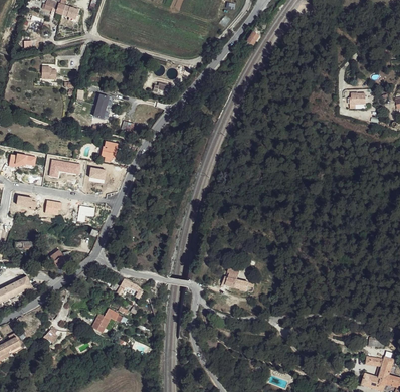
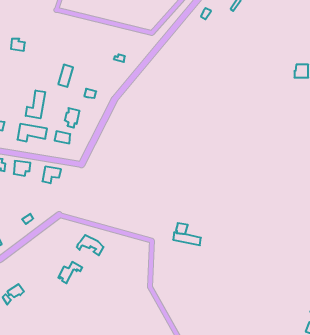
building: none -> [26,90,45,118]

